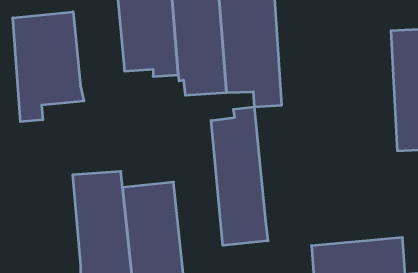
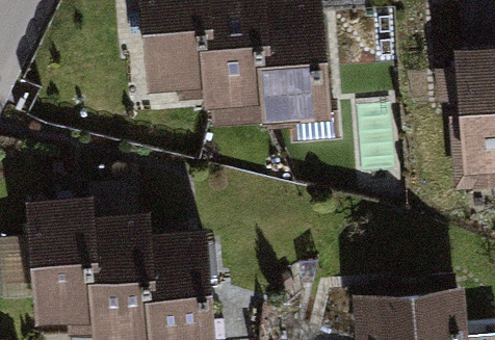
building: [13,12,84,122] -> none
building: [211,107,268,245] -> none
building: none -> [28,198,95,328]

